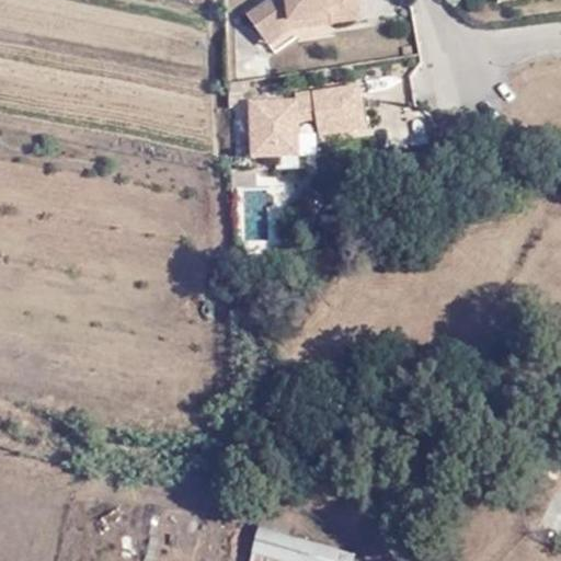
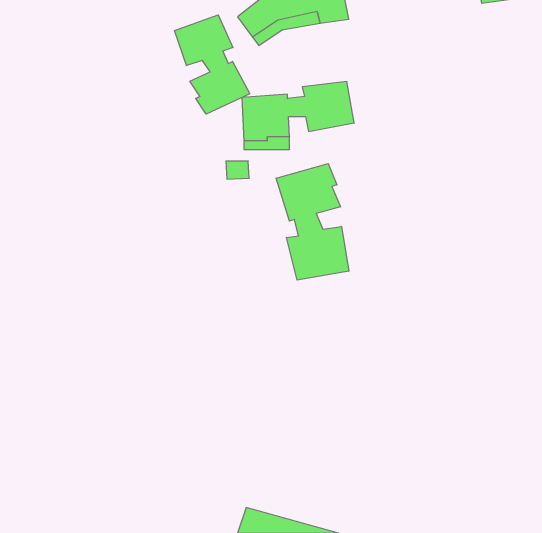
building: none -> [174,15,250,114]
building: none -> [276,164,349,280]

